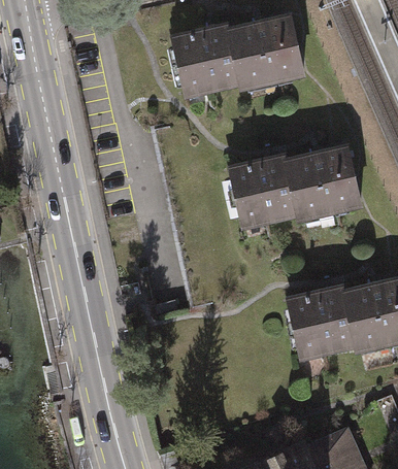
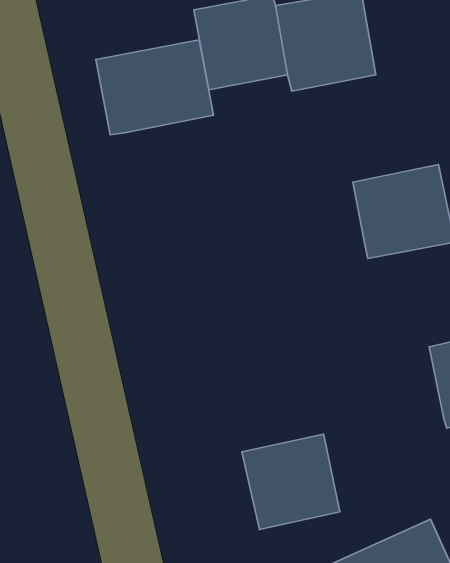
building: none -> [96,40,214,135]
building: [227,157,298,226] -> none
building: [284,286,358,358] -> [242,434,340,529]

